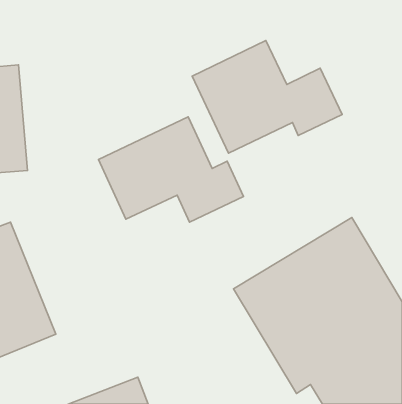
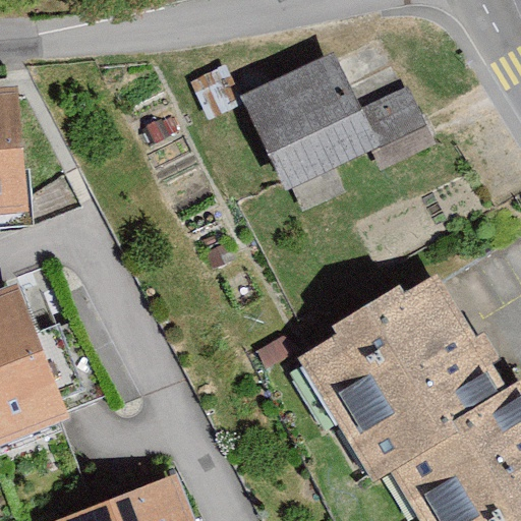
building: [98,117,243,222] -> none

